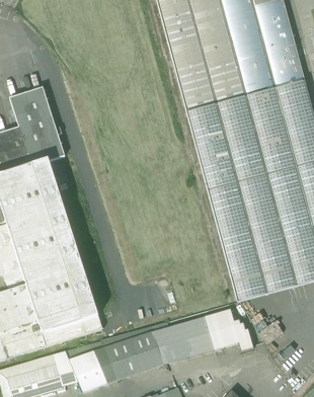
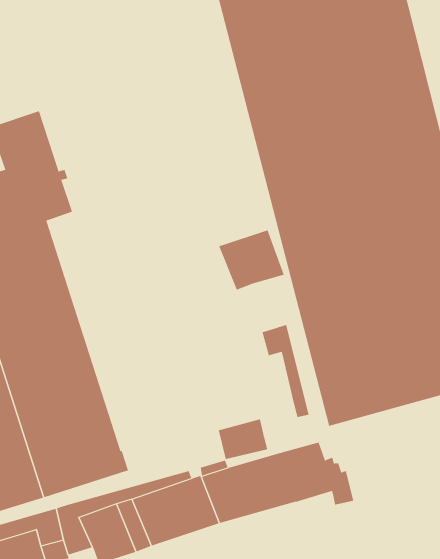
building: none -> [219,230,285,290]
building: none -> [262,324,309,418]
building: none -> [218,418,268,460]

